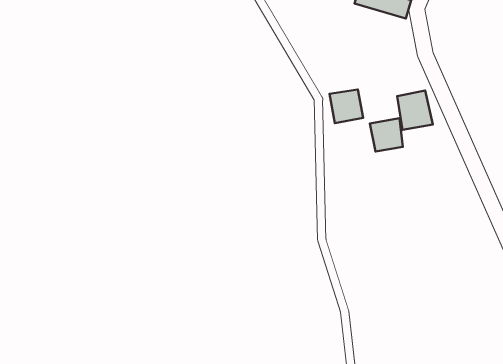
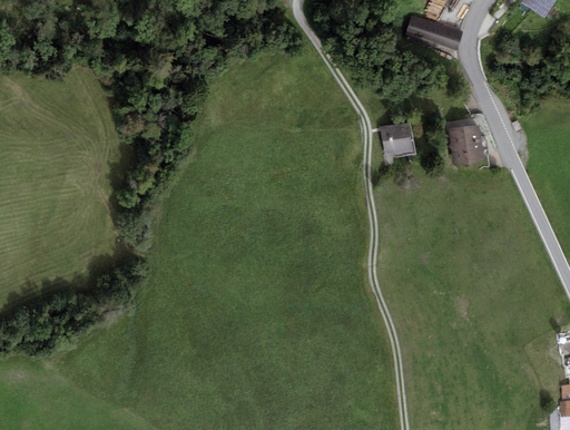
building: [370,118,403,152] -> none

